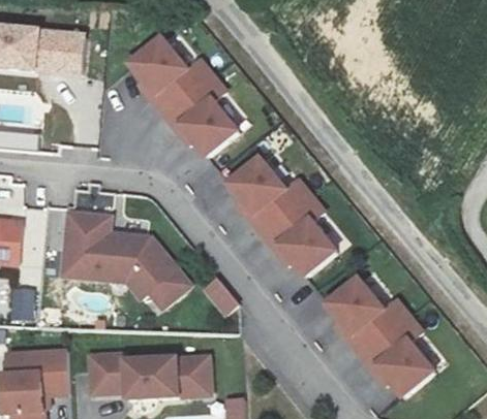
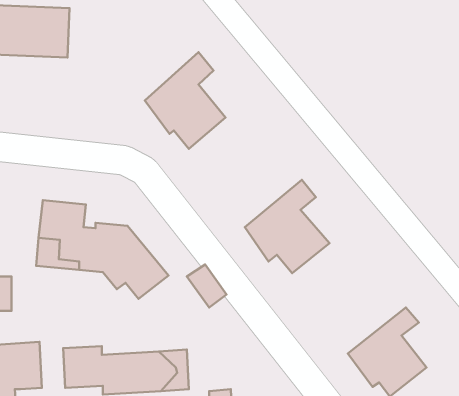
building: [126,31,216,116] -> none
building: [223,153,315,237] -> none
building: [319,275,416,359] -> none

